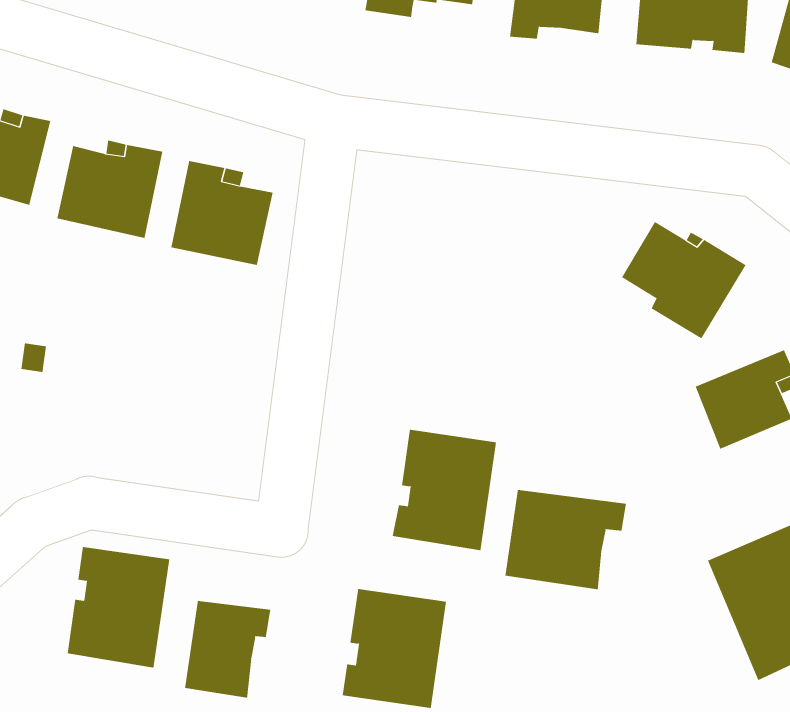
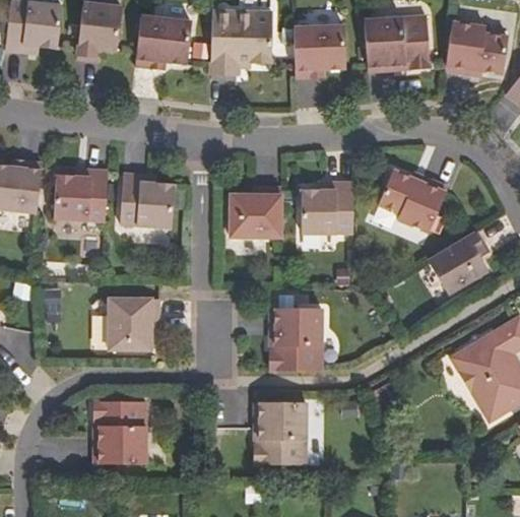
building: none -> [230,187,280,237]
building: none -> [301,183,352,233]
building: none -> [113,298,158,348]
building: [505,489,627,590] -> none
building: [184,600,271,698] -> none

